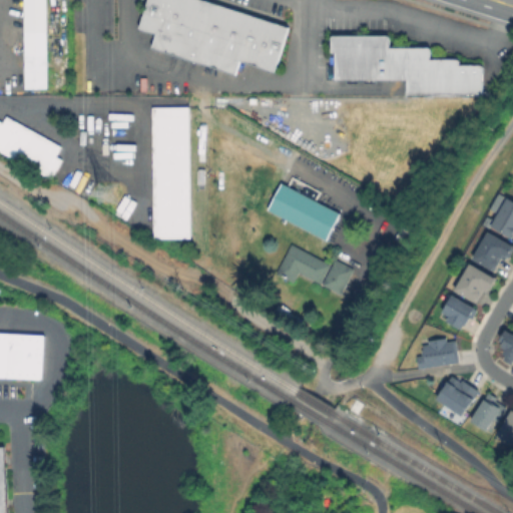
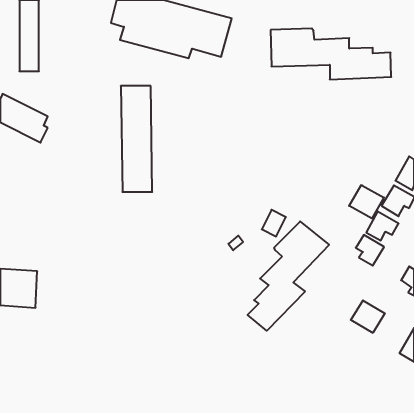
building: [272,186,341,240] -> none
building: none -> [349,185,384,218]
building: [278,244,331,284] -> none
building: none -> [248,221,329,331]
building: [417,336,458,367] -> none
building: [469,394,506,429] -> none

